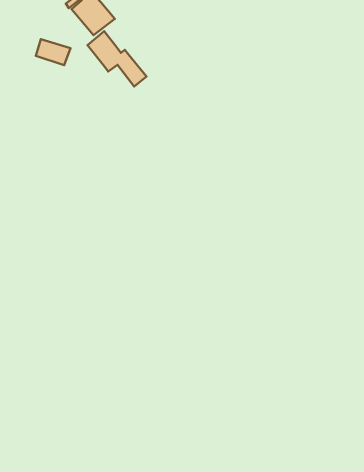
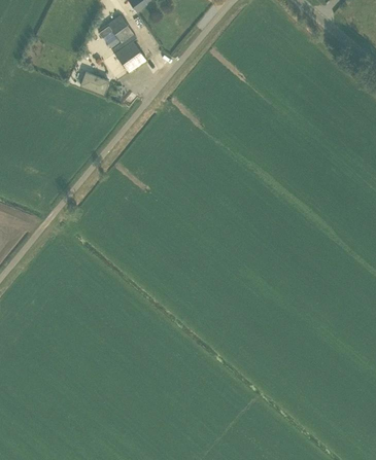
building: [88,31,146,86] -> none

